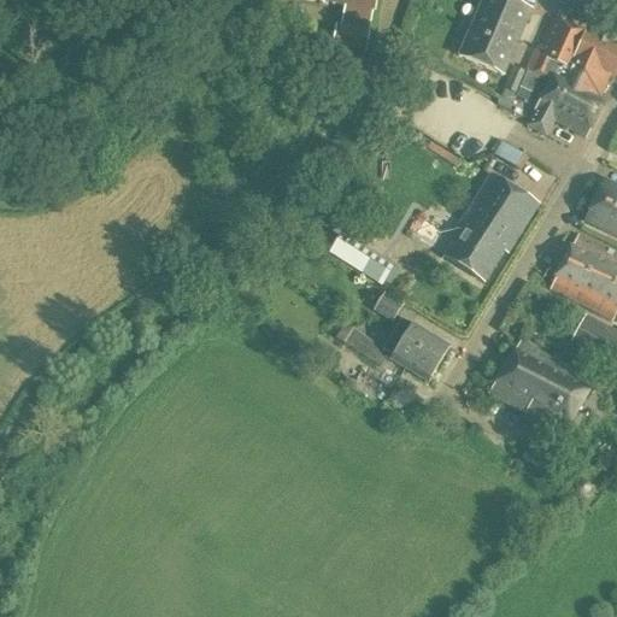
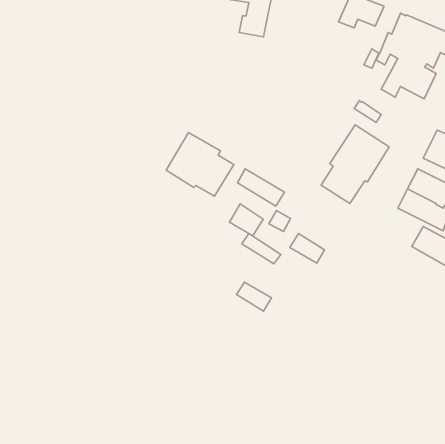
building: [459,27,519,74] -> none
building: none -> [166,133,234,196]
building: none -> [229,204,263,236]
building: [489,337,594,434] -> none
building: [390,341,439,381] -> [237,282,271,311]

